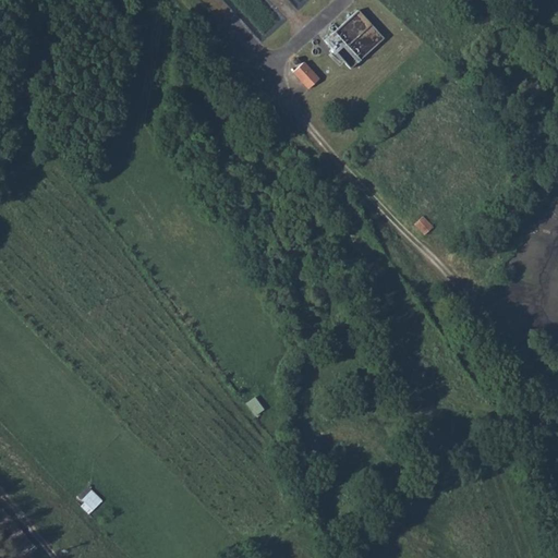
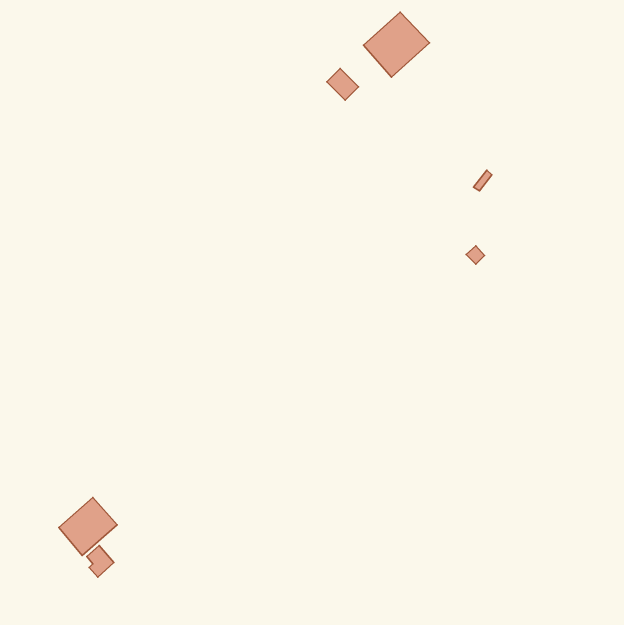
building: none -> [59,498,117,556]

